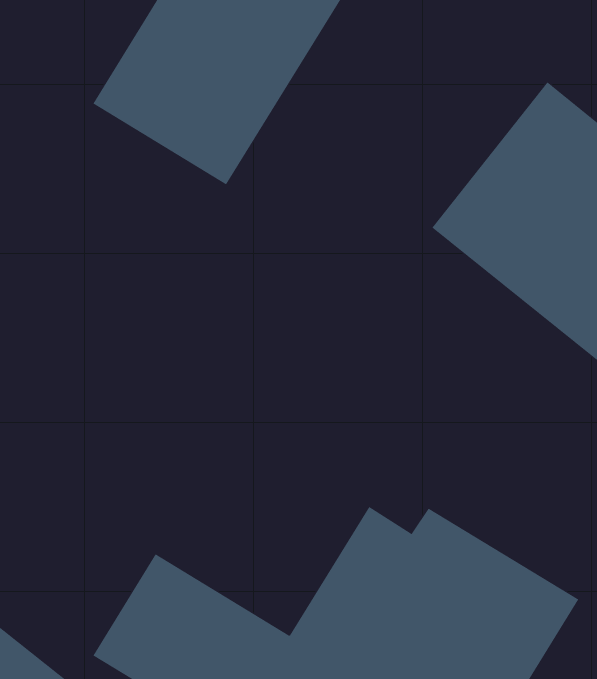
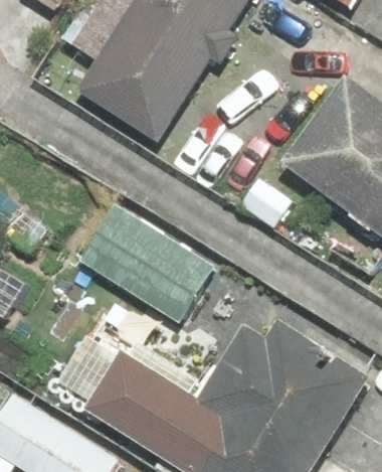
building: none -> [77,200,216,325]

